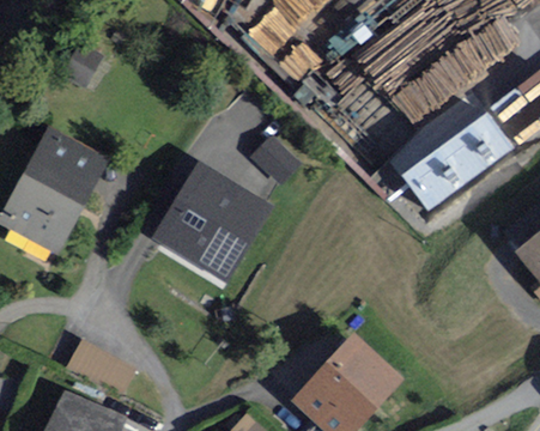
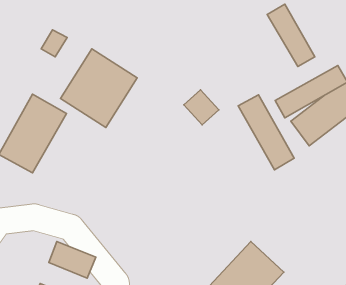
building: none -> [267,4,315,67]
building: none -> [238,95,294,170]
building: [158,165,263,273] -> [61,49,137,127]

